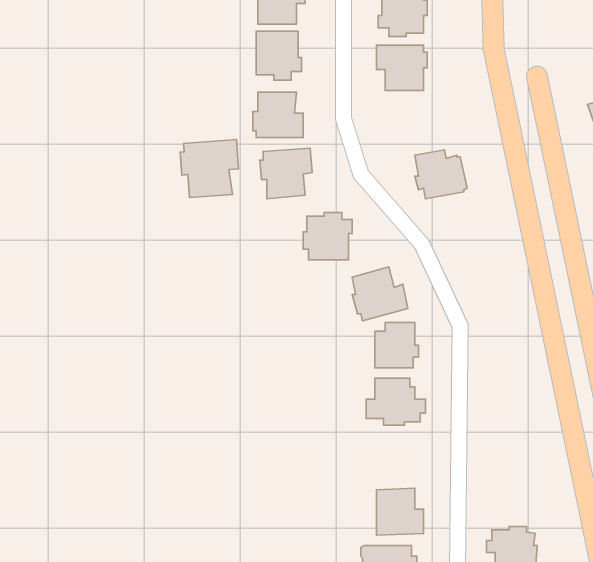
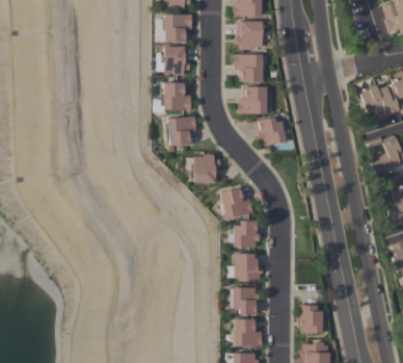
building: none -> [239,85,269,113]
building: [180,140,239,198] -> none
building: none -> [232,287,260,313]
building: none -> [298,303,323,333]

